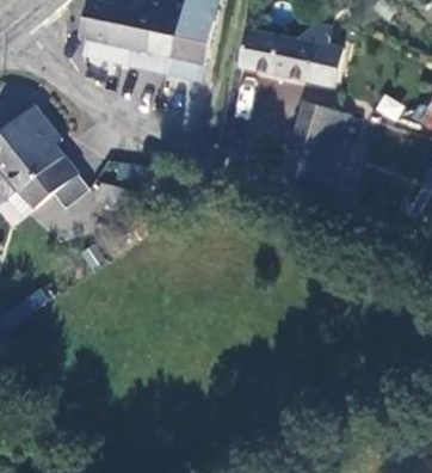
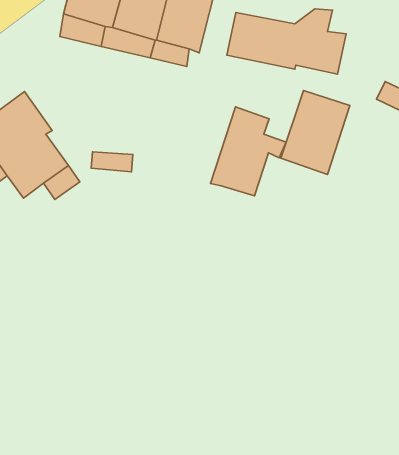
building: none -> [210,107,286,196]

